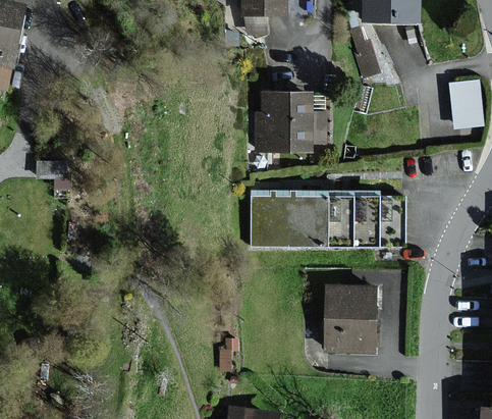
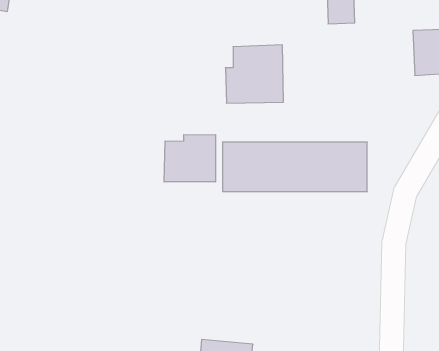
building: none -> [164,135,216,182]
building: [322,284,376,354] -> none

